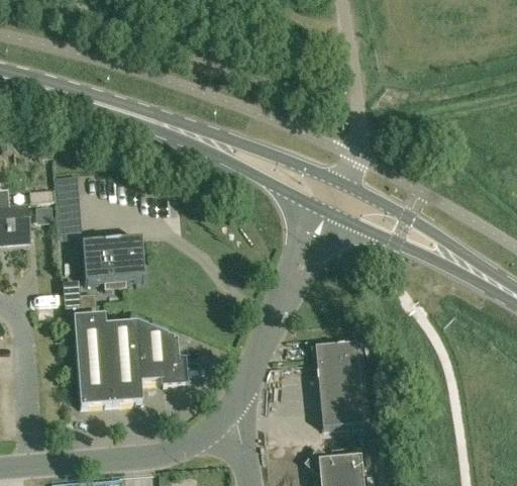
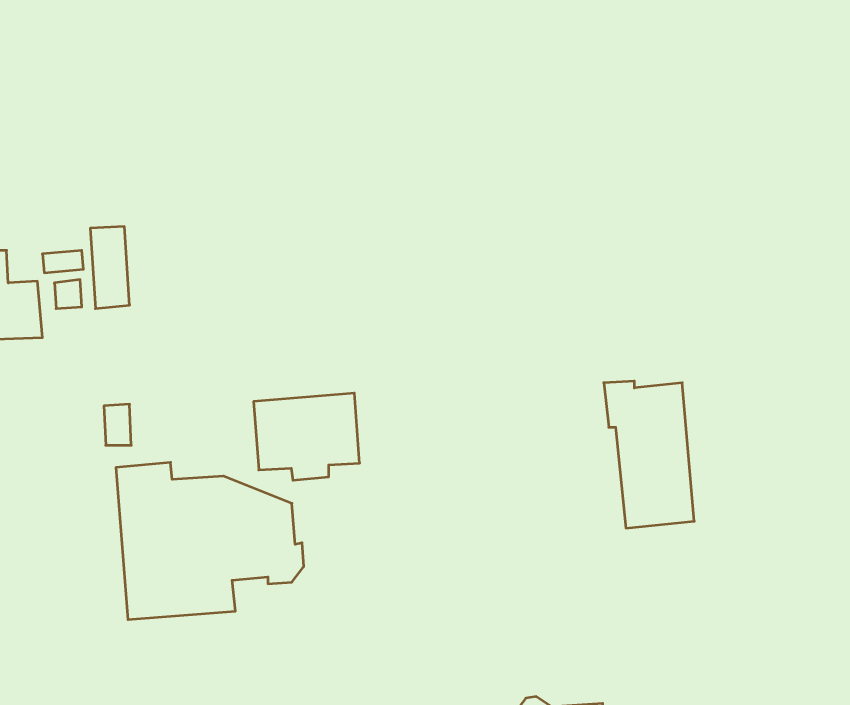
building: [82,234,144,286] -> [254,393,360,480]
building: [310,338,364,425] -> [604,381,694,528]

